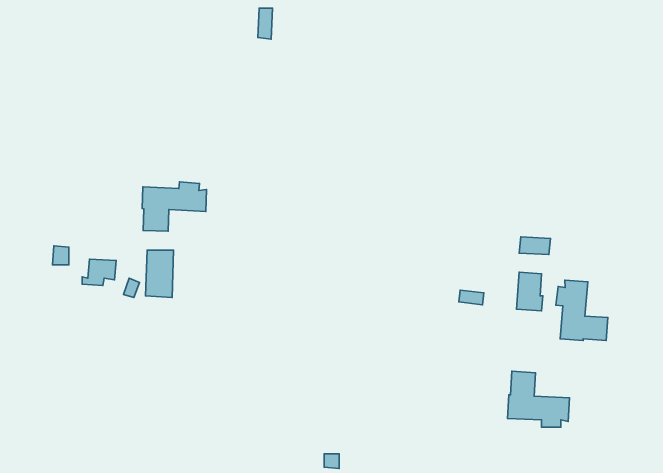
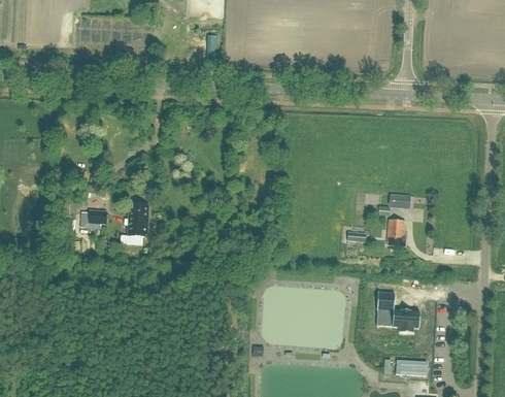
building: [142,182,207,231] -> none
building: [556,280,608,340] -> none

